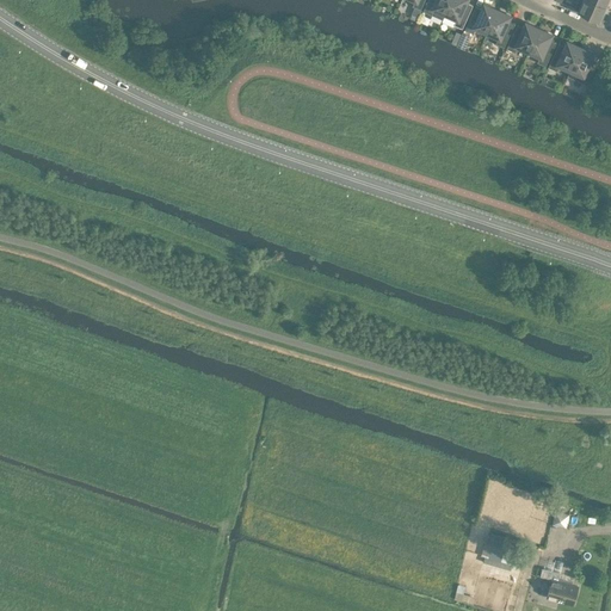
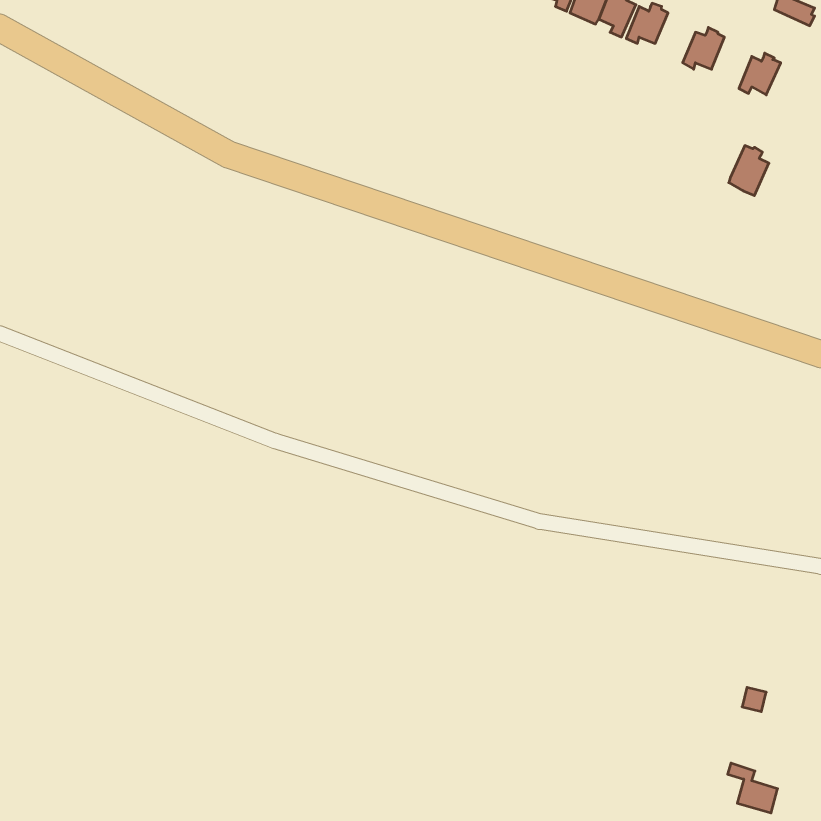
building: [486,10,513,45] -> none
building: [527,27,555,64] -> none
building: [567,47,597,84] -> [729,146,769,196]

